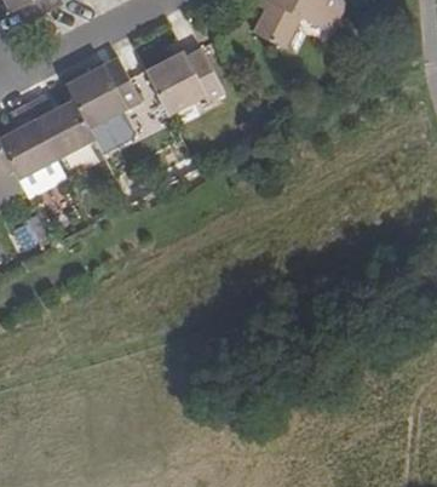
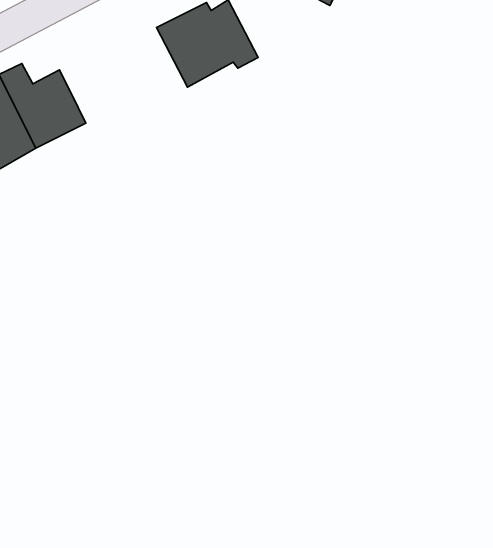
building: [65,57,140,154] -> none

